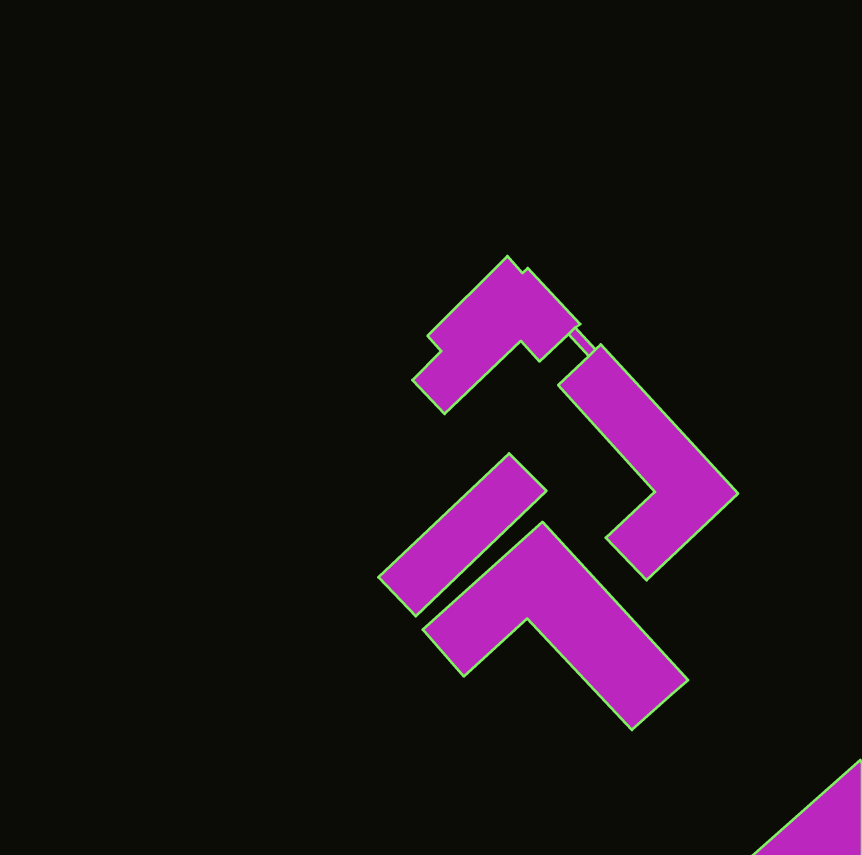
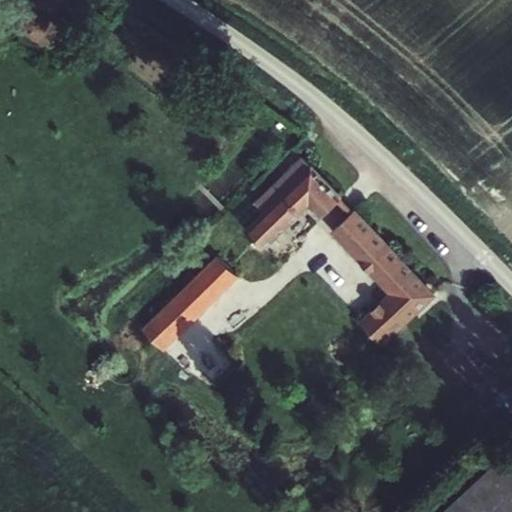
building: [378,453,546,616] -> [138,259,237,355]
building: [423,522,688,730] -> none

